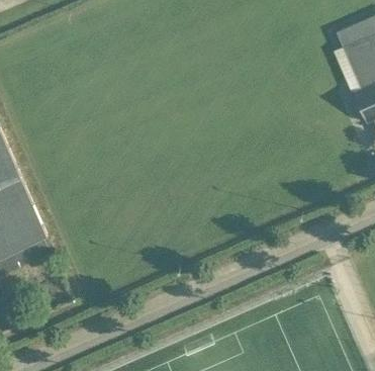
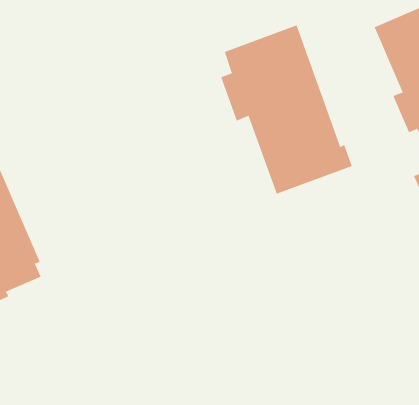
building: none -> [221,25,353,195]

